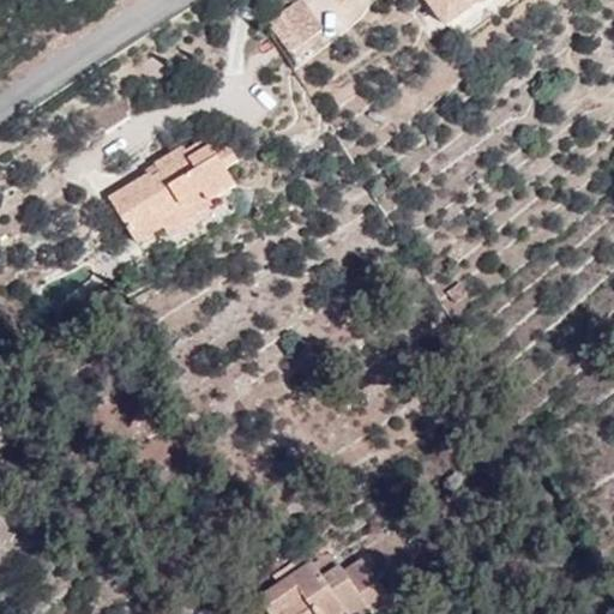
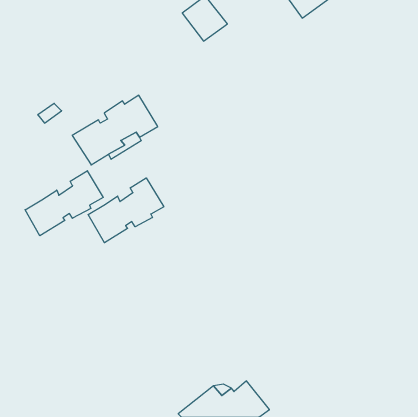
building: none -> [25,171,103,236]
building: none -> [88,178,164,243]

